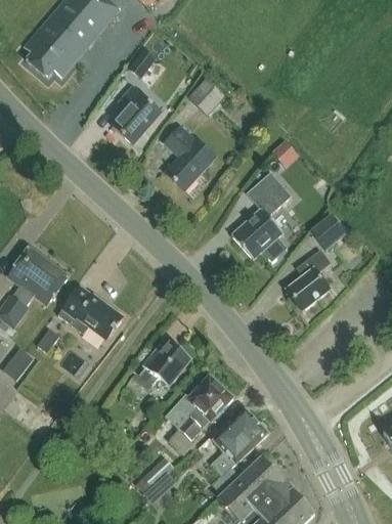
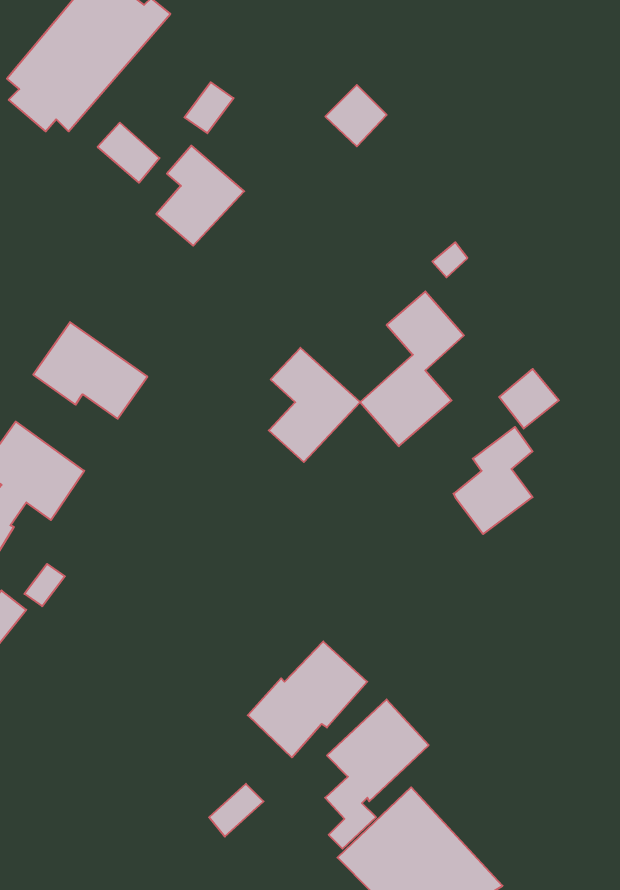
building: none -> [98,123,160,183]
building: [188,80,224,116] -> [325,85,387,146]
building: [164,124,217,190] -> [269,348,360,462]
building: [58,285,125,341] -> [33,322,147,419]
building: [126,343,191,399] -> none

